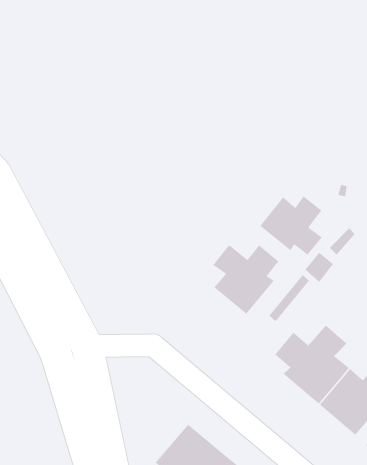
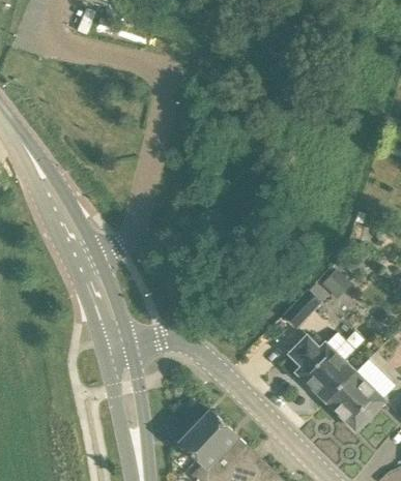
building: [259,196,322,255] -> none
building: [213,244,279,315] -> none

